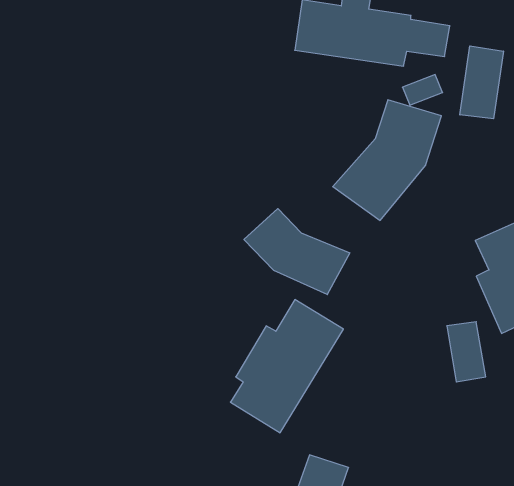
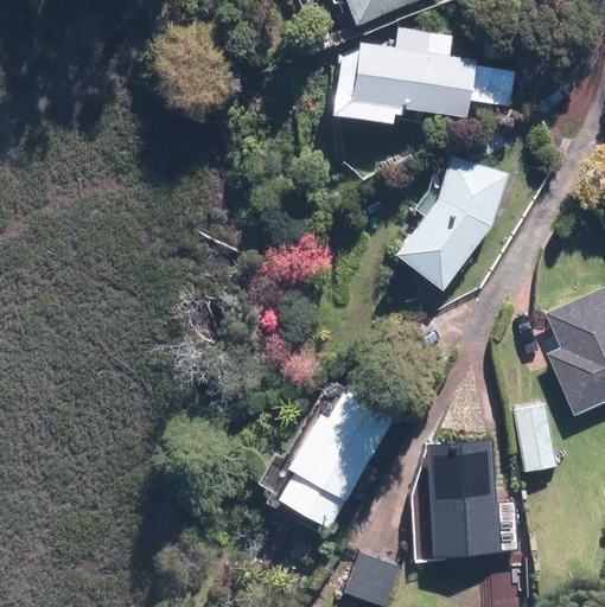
building: [460,46,503,119] -> none
building: [244,209,350,295] -> none
building: none -> [424,437,498,556]

